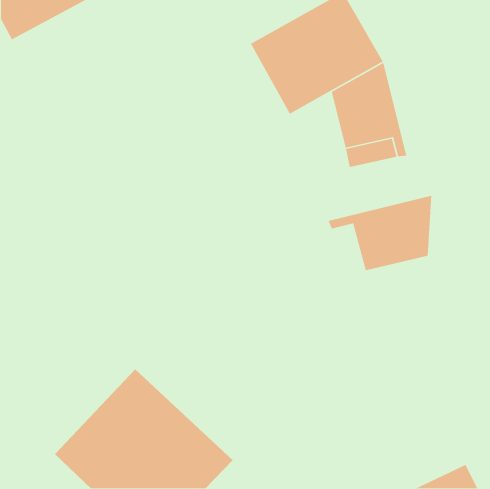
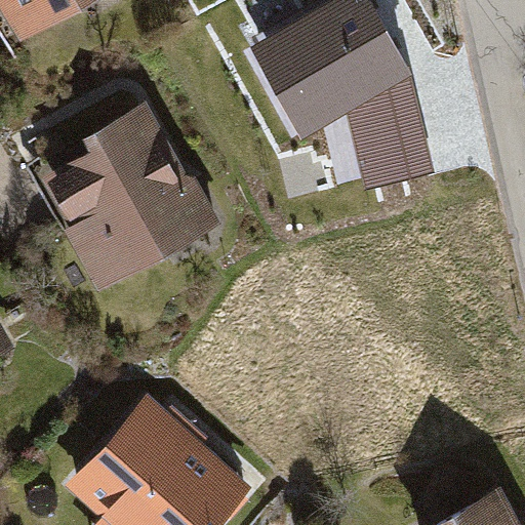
building: none -> [39,107,221,298]
building: [327,195,432,271] -> none

